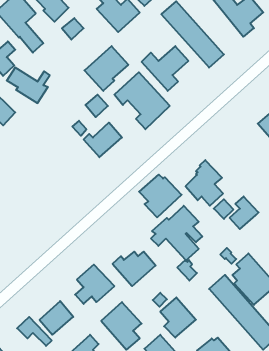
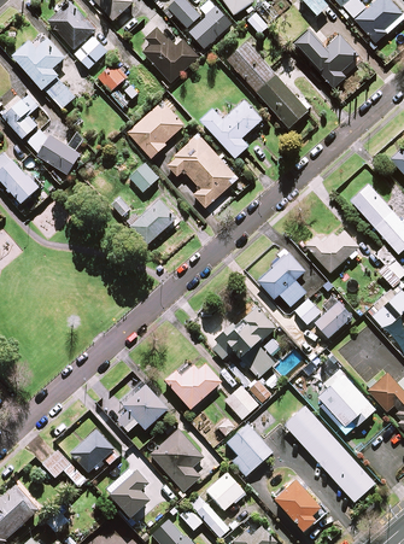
building: none -> [306,230,358,271]
building: [139,175,182,217] -> none
building: none -> [226,386,258,419]

